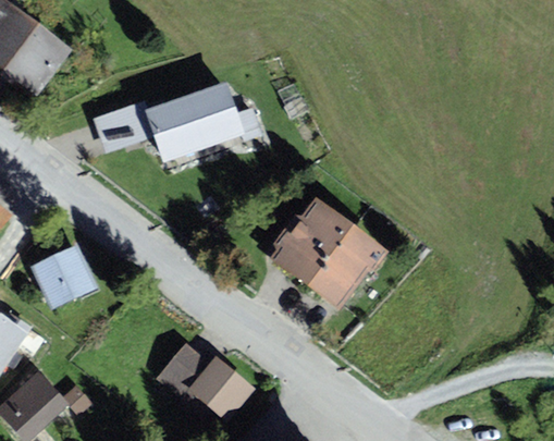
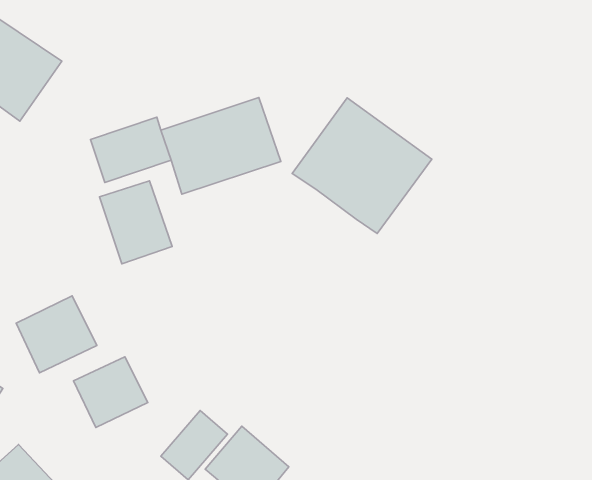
building: none -> [99,181,172,264]
building: [271,197,387,310] -> [292,98,432,233]
building: none -> [73,357,148,428]

